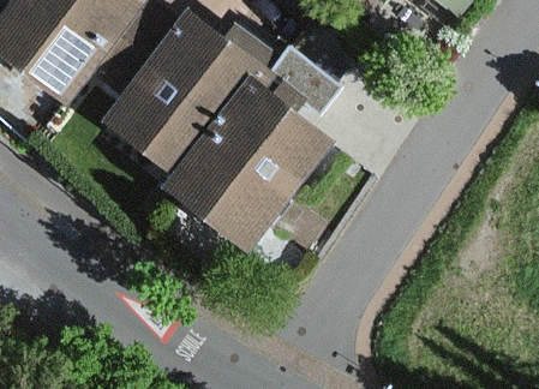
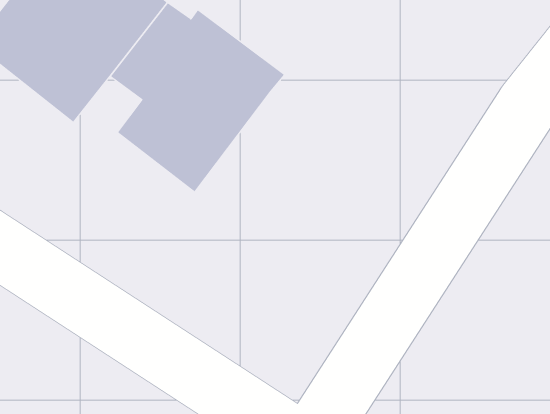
building: [173,82,330,245] -> none

